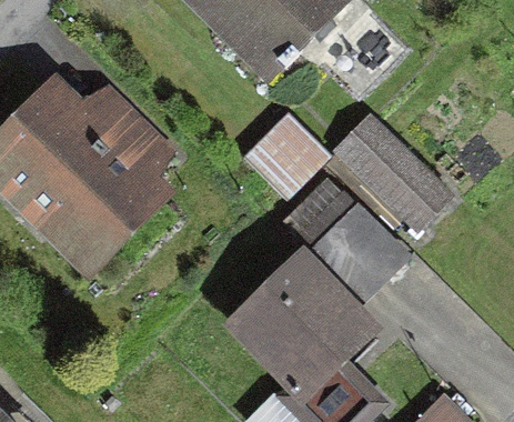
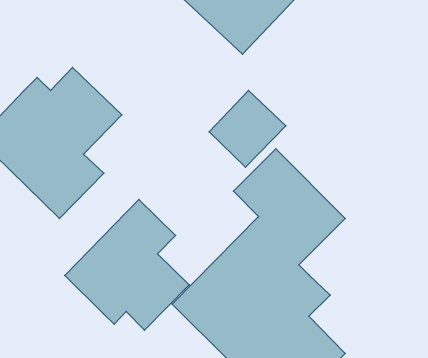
building: [336,120,449,231] -> none
building: none -> [65,200,189,330]

